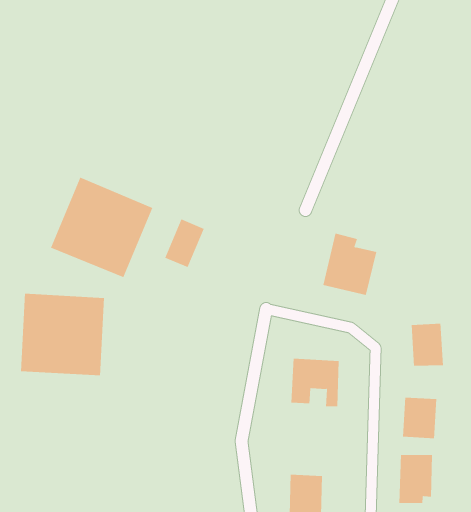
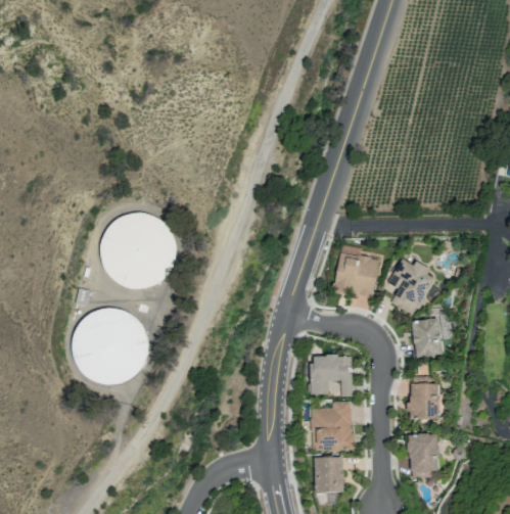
building: [165,219,204,268] -> none
building: none -> [387,259,432,315]
building: none -> [311,402,354,452]

